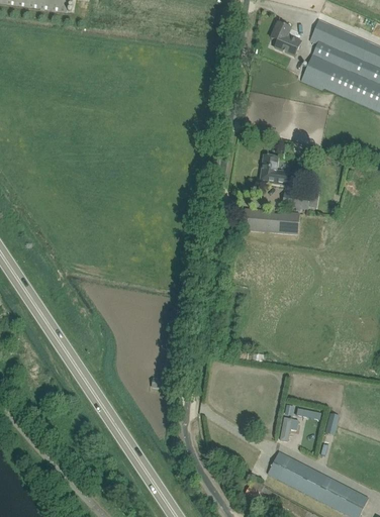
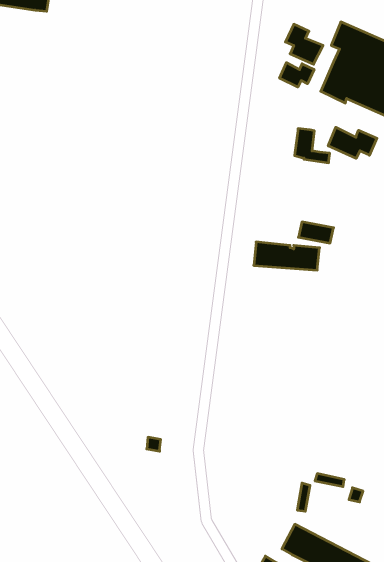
building: none -> [280,63,314,87]
building: none -> [328,127,377,158]
building: [260,154,290,184] -> [295,129,330,163]

